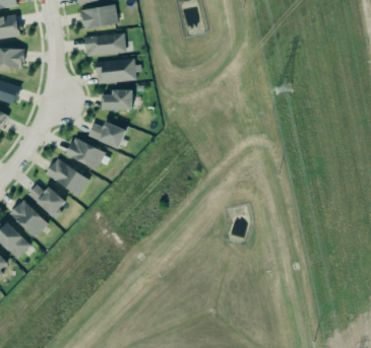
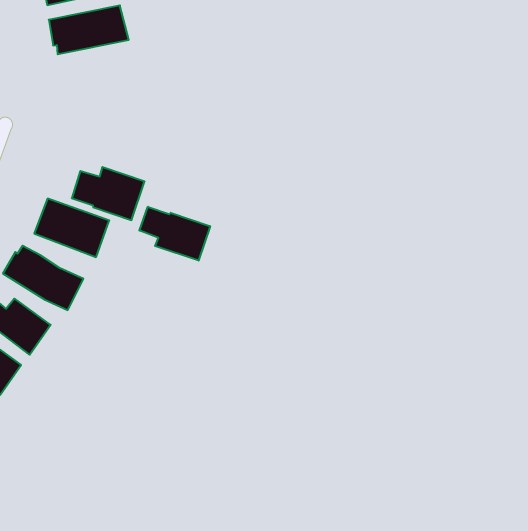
building: [92,58,134,83] -> none
building: [101,90,132,111] -> none
building: none -> [139,207,210,261]

